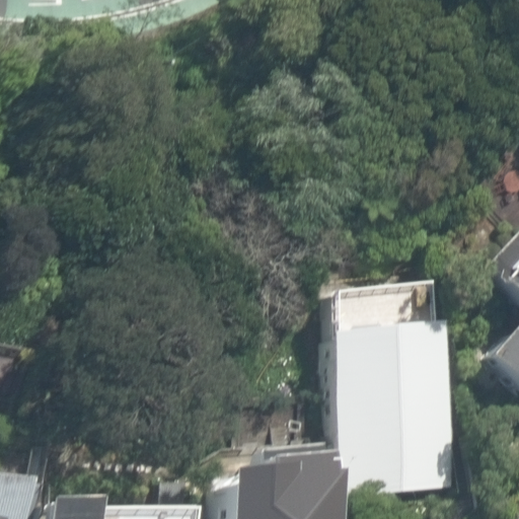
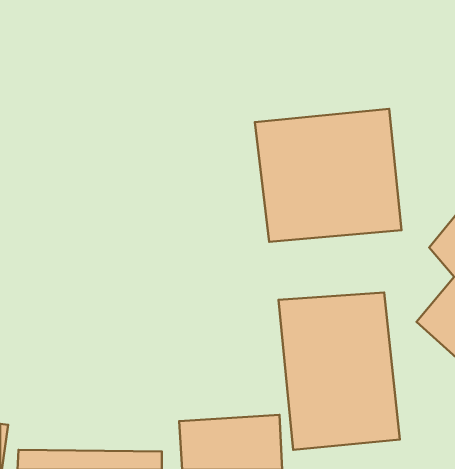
building: none -> [255,109,401,242]

